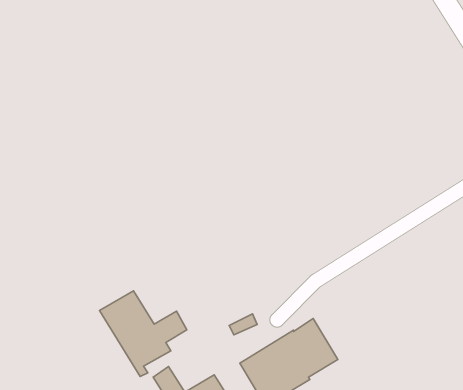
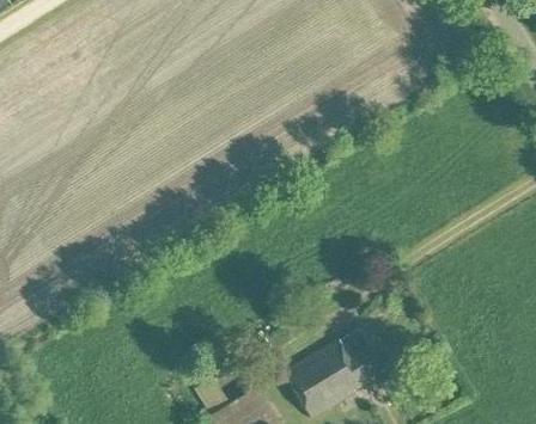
building: [100,291,187,377] -> none

